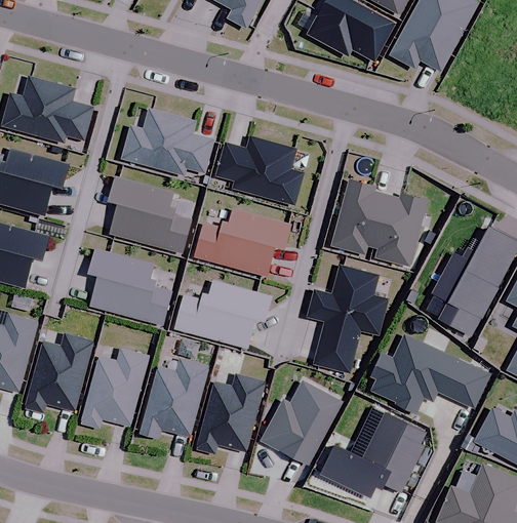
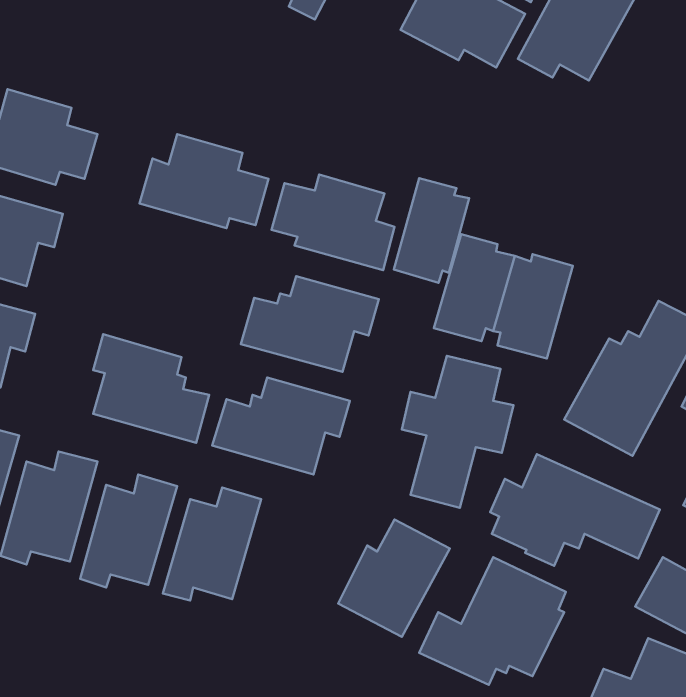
building: none -> [394,178,469,283]
building: [109,176,191,253] -> none
building: [195,374,265,453] -> none

